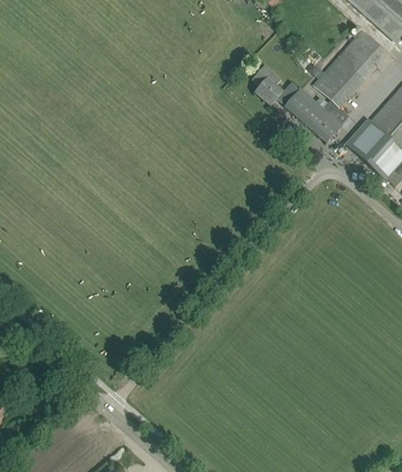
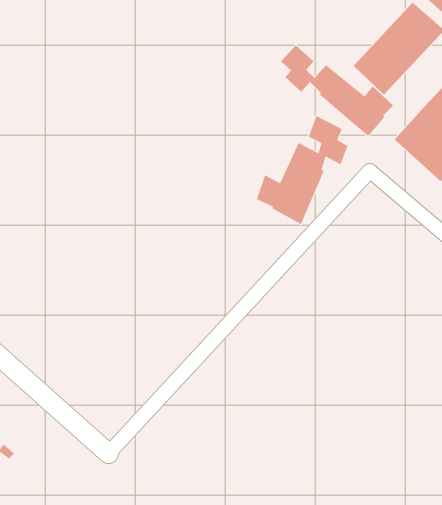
building: none -> [256,115,348,225]

